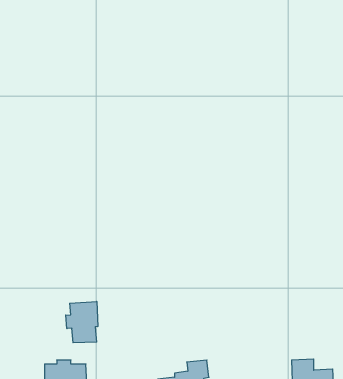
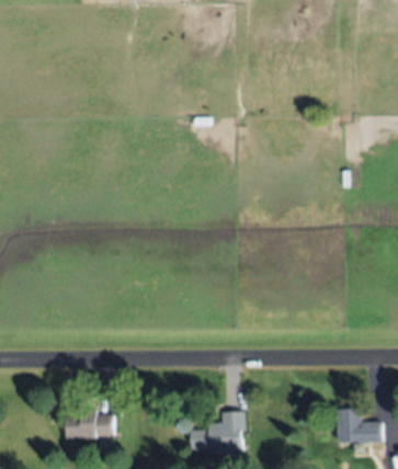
building: [66,301,98,343] -> none

